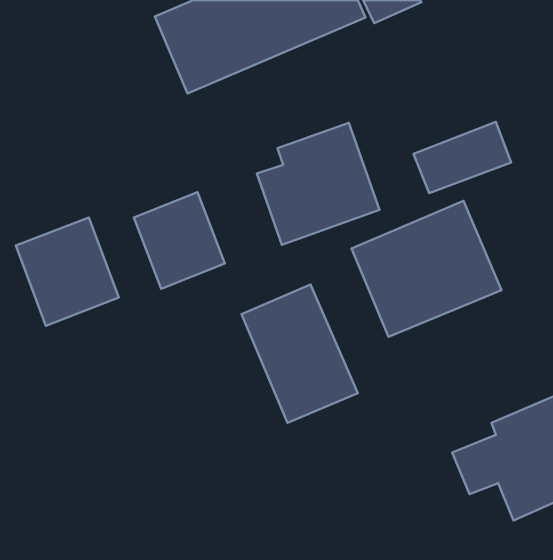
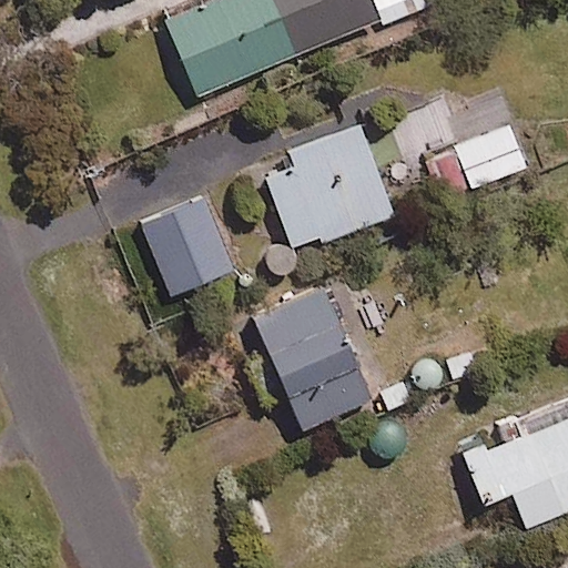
building: [351,201,501,337] -> none
building: [16,218,119,326] -> none

